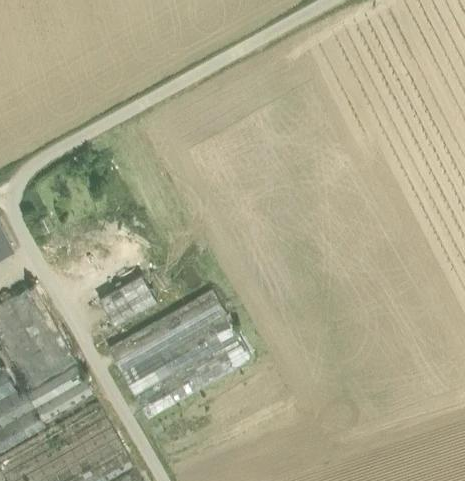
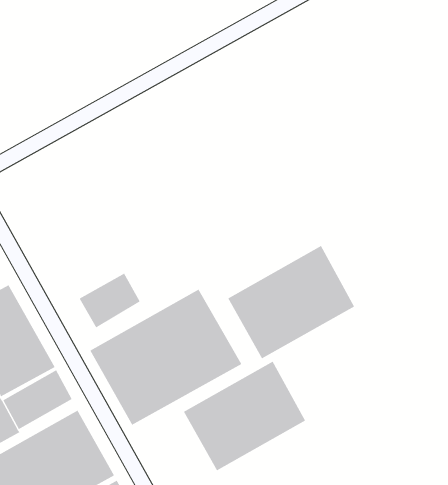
building: none -> [227,245,355,359]
building: none -> [183,361,306,471]

